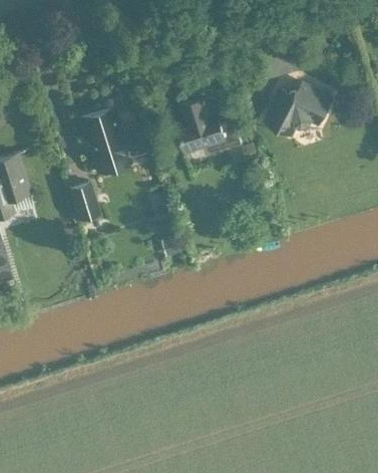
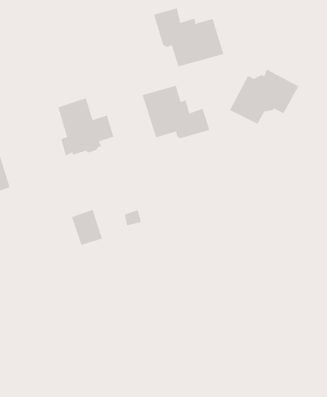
building: none -> [154,8,224,67]
building: [68,182,101,220] -> [71,209,103,245]

